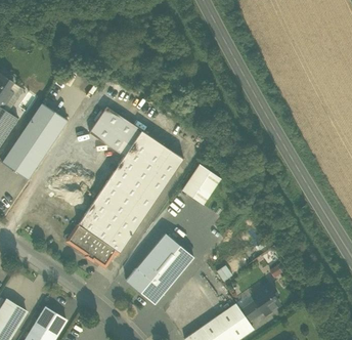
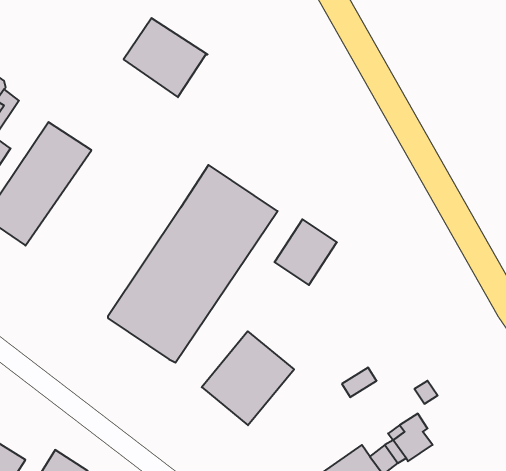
building: [89,107,141,156] -> [124,18,208,97]
building: [67,224,116,266] -> none
building: [126,267,165,303] -> none

